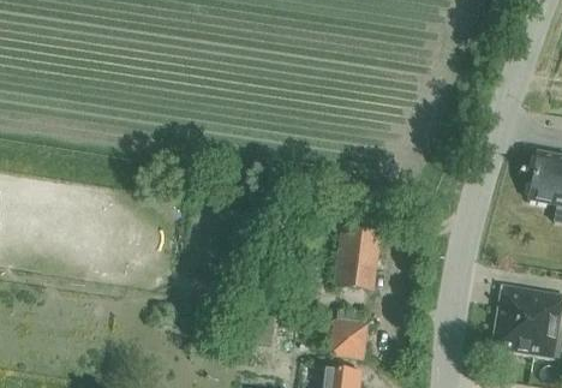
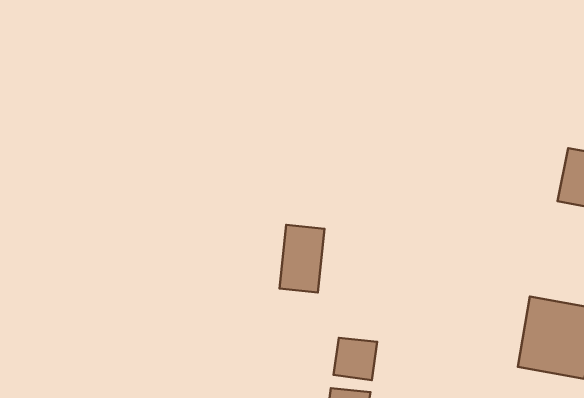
building: [334,229,375,291] -> [279,225,325,292]

